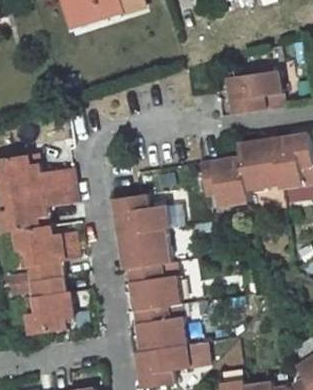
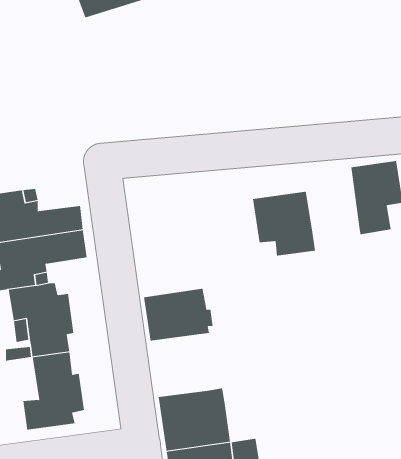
building: [228,69,283,114] -> none
building: [239,137,279,191] -> none
building: [111,190,166,235] -> none
building: [122,263,177,310] -> none

